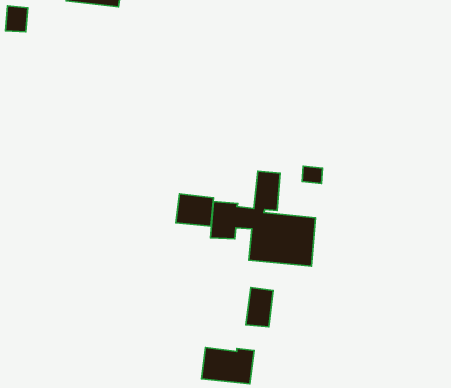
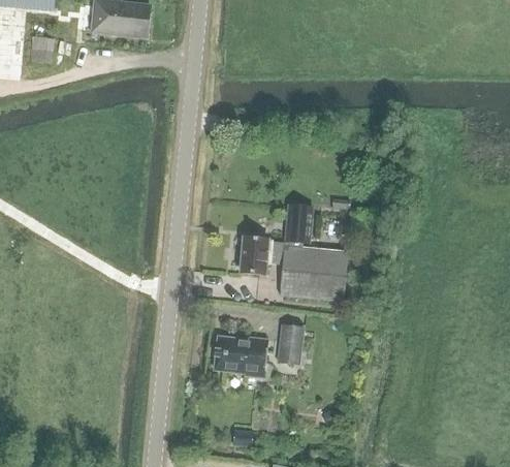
building: [176,194,213,226] -> none
building: [202,348,254,384] -> [213,336,266,373]

